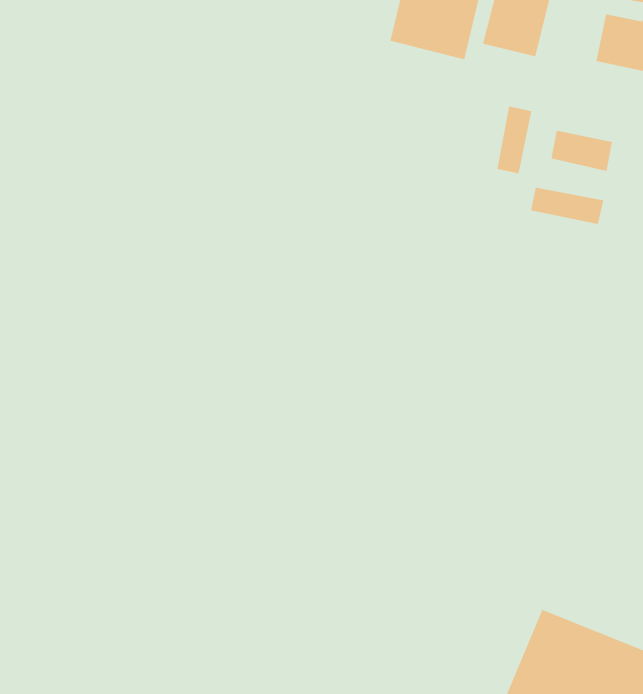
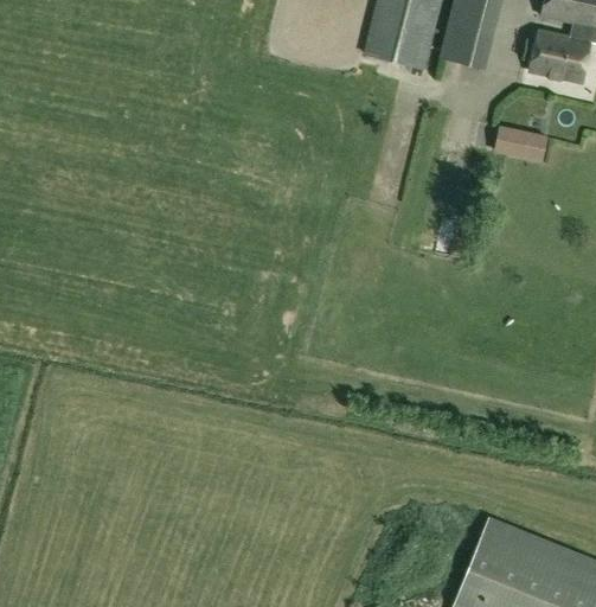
building: [497,105,532,174] -> none
building: [530,187,604,225] -> none

